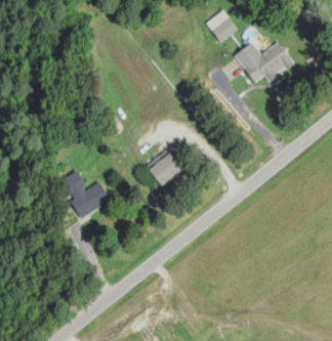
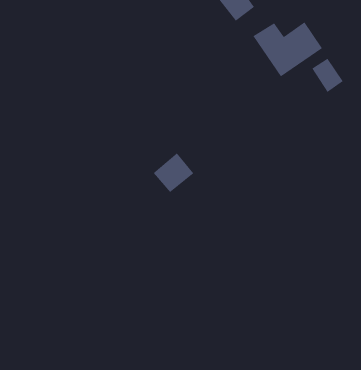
building: none -> [312,58,343,93]
building: [57,171,109,218] -> none

